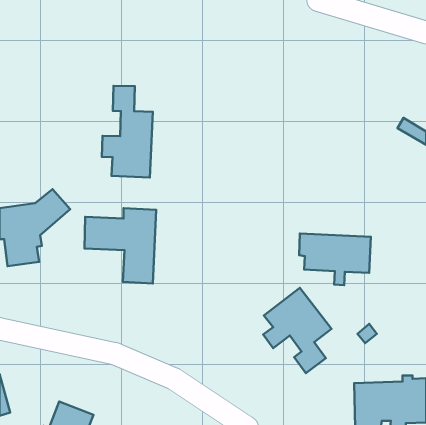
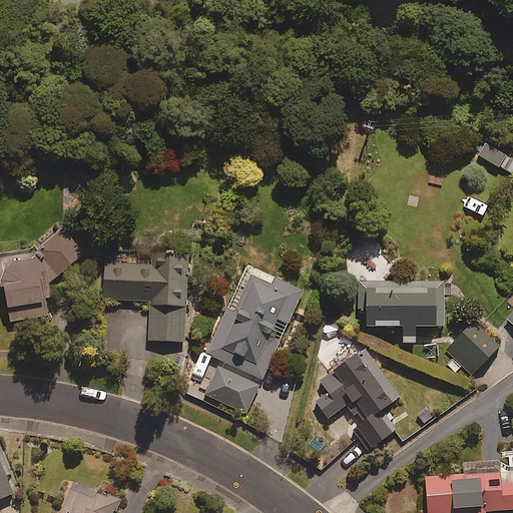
building: [102,86,153,177] -> none
building: none -> [205,273,301,413]
building: none -> [444,323,498,384]

